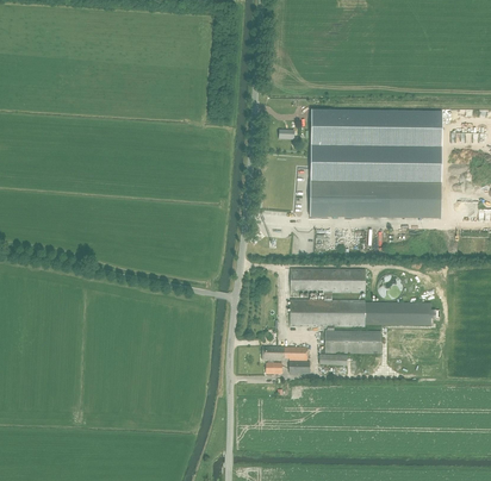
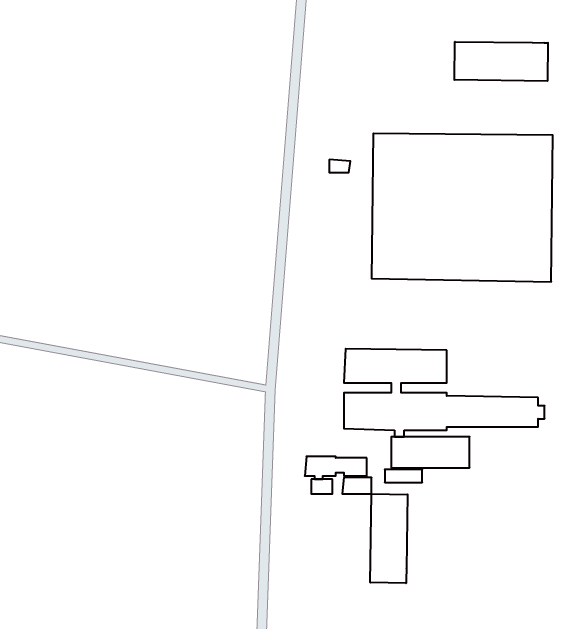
building: none -> [454,42,548,81]
building: none -> [370,494,408,583]

